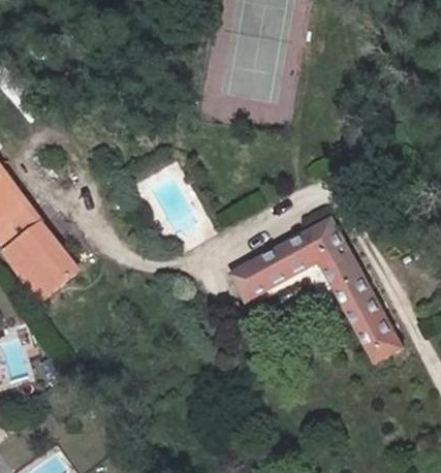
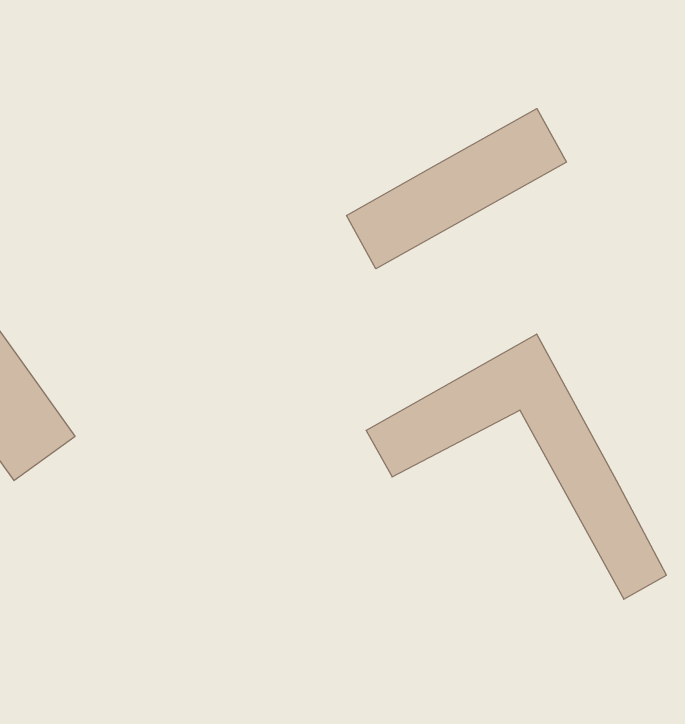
building: none -> [347,109,566,269]

